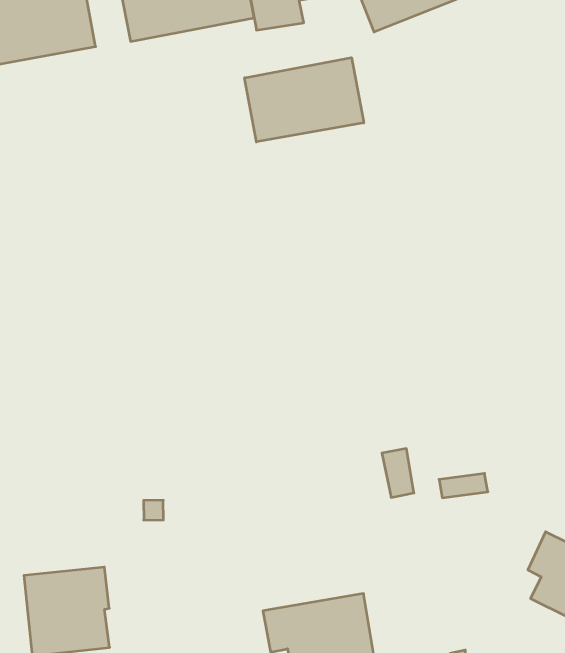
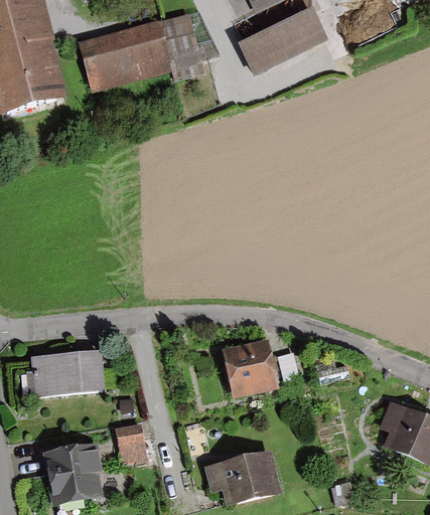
building: [245,58,364,142] -> none
building: none -> [222,338,279,397]
building: none -> [26,350,105,396]
building: none -> [116,423,146,464]

